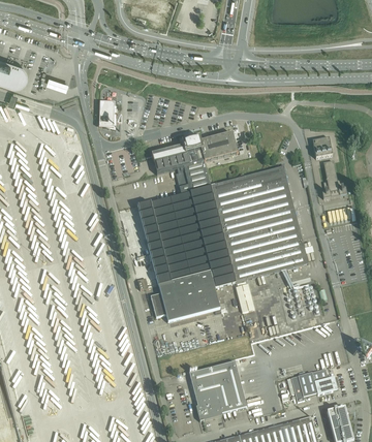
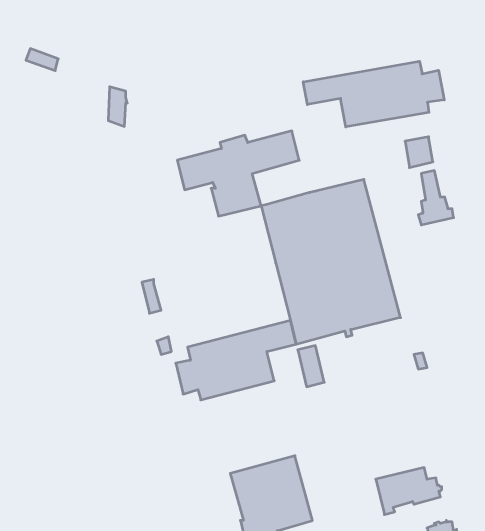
building: none -> [303,61,444,127]
building: [136,185,230,284] -> none

